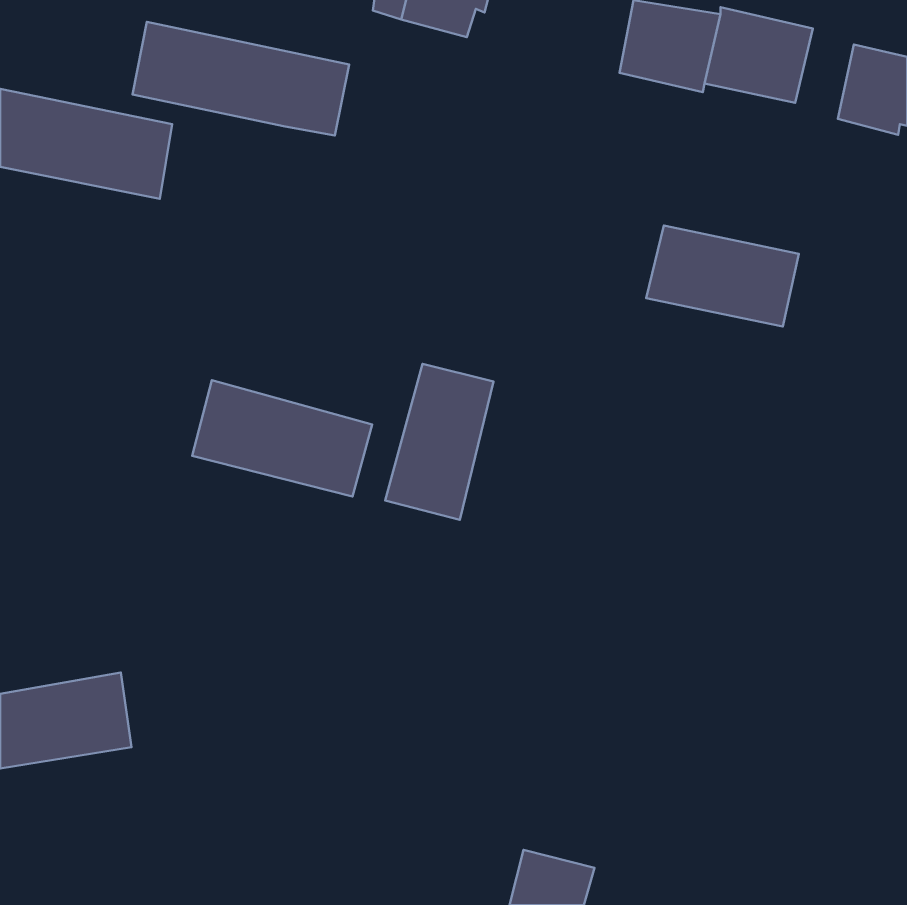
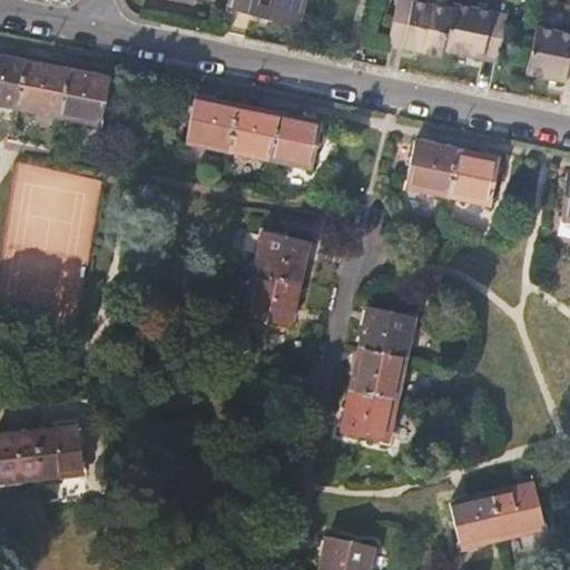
building: [132,22,349,135] -> [186,96,322,167]
building: [192,380,372,496] -> none
building: none -> [341,307,417,441]
building: none -> [451,482,542,550]

